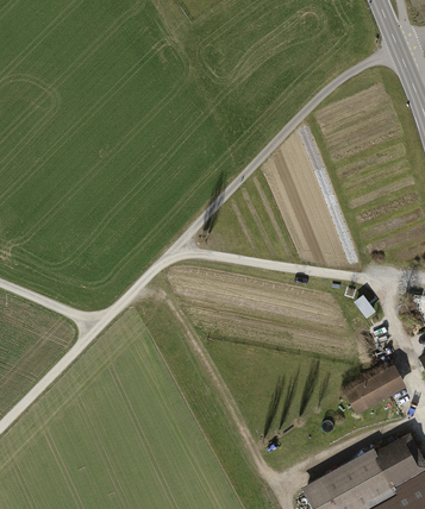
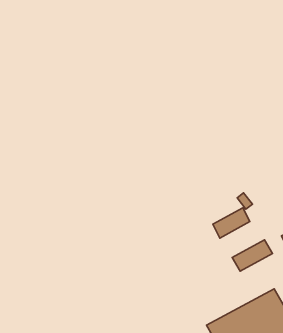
building: none -> [213,208,250,238]

